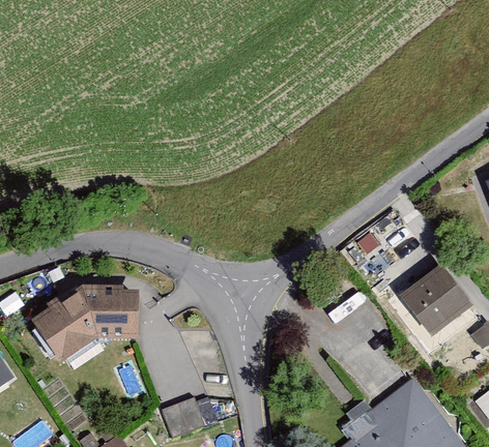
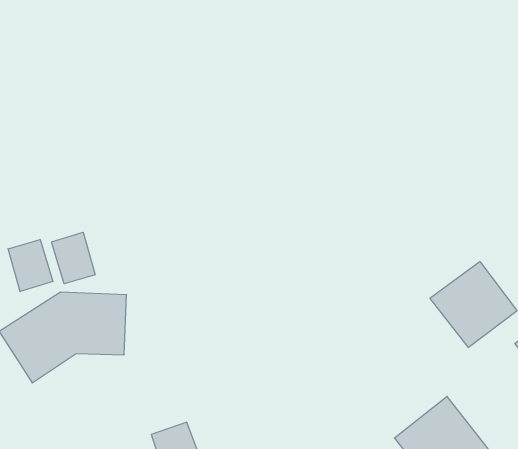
building: none -> [51,232,95,284]
building: none -> [8,239,53,292]

